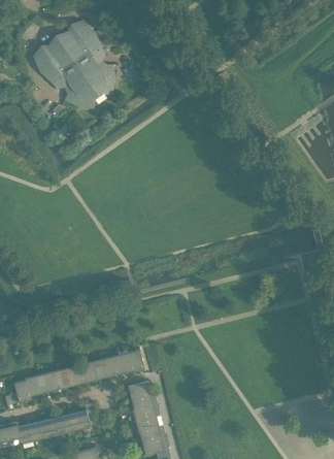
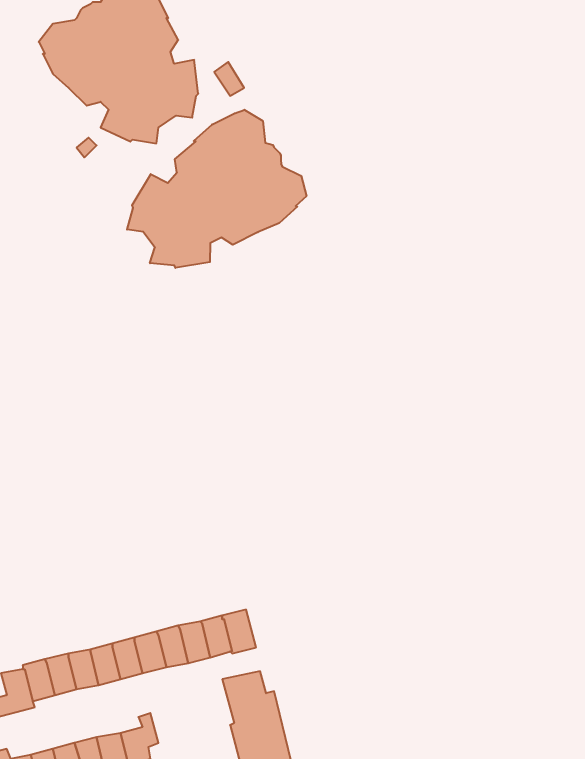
building: none -> [127,110,306,268]

